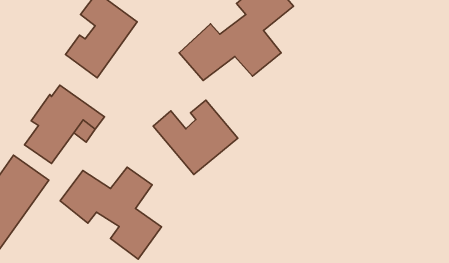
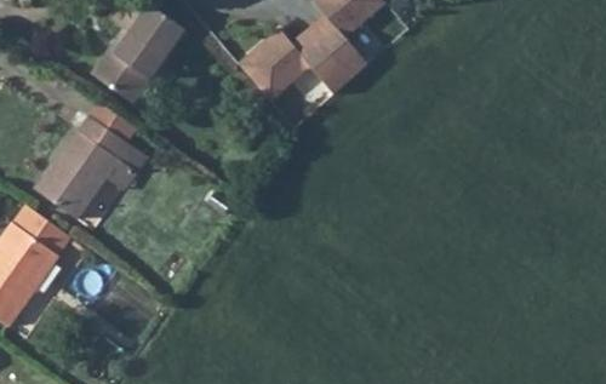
building: [153,100,238,174] -> none
building: [60,167,162,259] -> none

